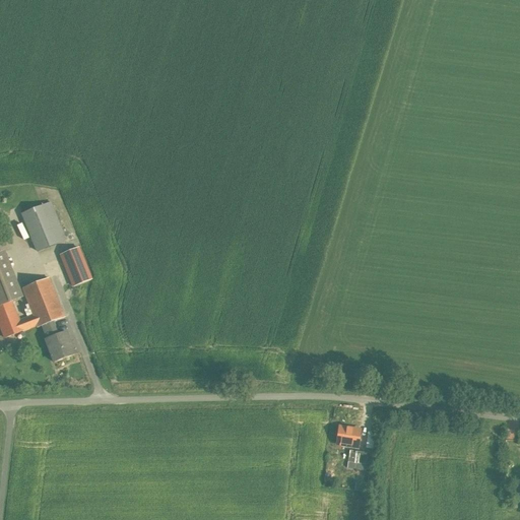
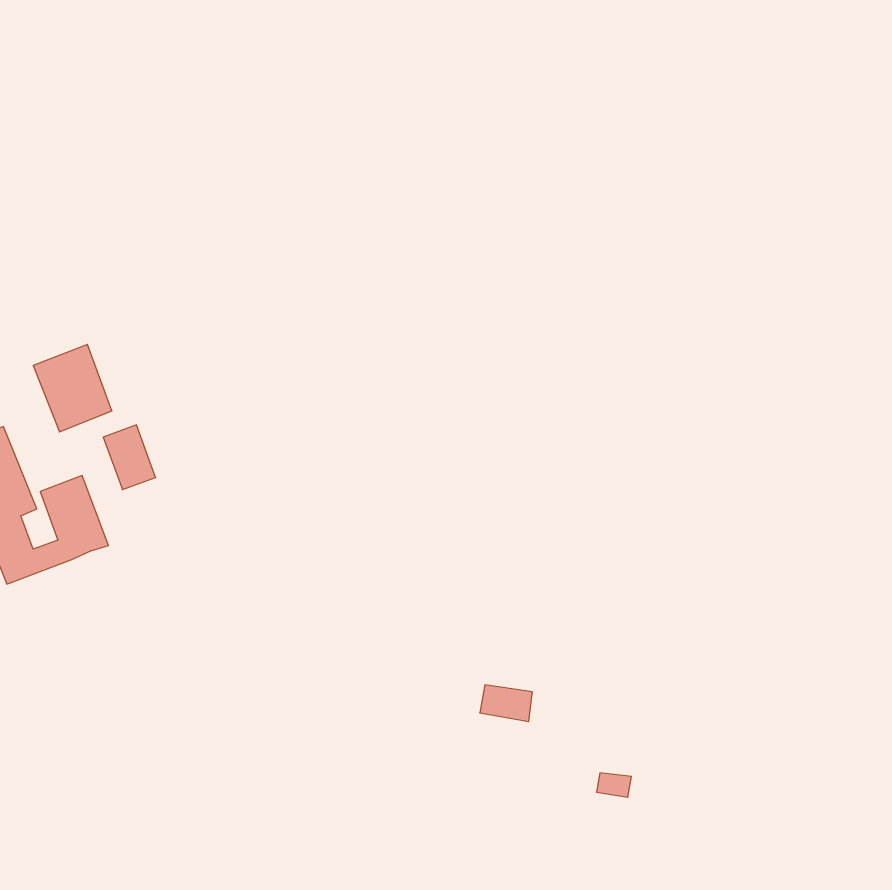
building: [42,320,77,364] -> none
building: [328,425,359,446] -> [480,685,532,722]

